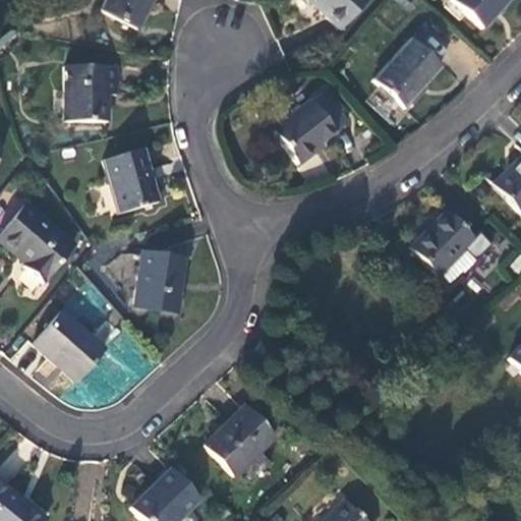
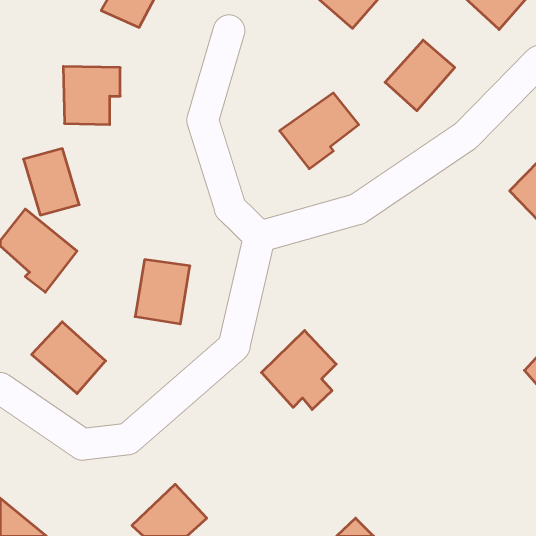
building: [107,148,161,212] -> [23,149,79,215]
building: [410,211,484,282] -> none
building: [205,404,277,480] -> [261,330,336,410]

